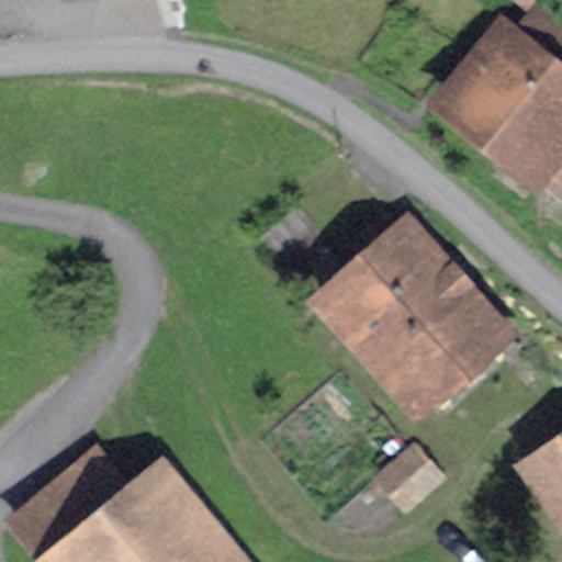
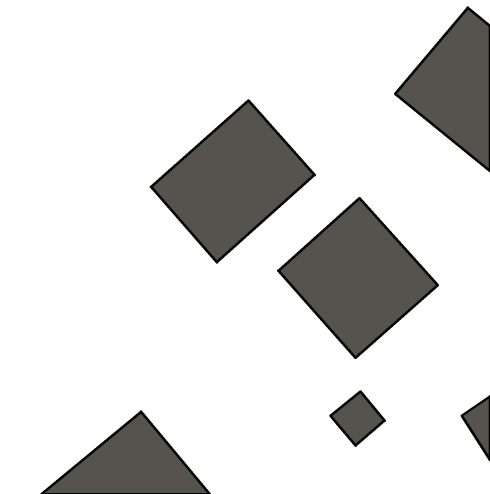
building: none -> [151,101,315,262]

